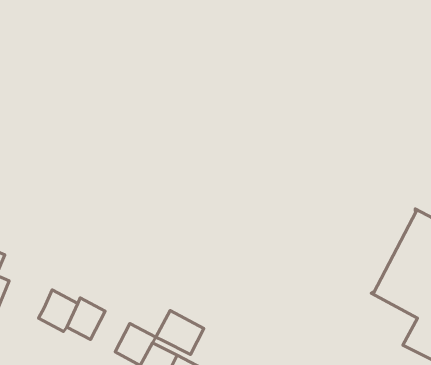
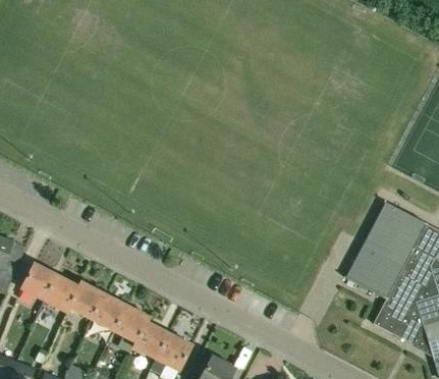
building: none -> [20,263,56,300]
building: [156,311,204,355] -> none
building: none -> [91,293,126,330]

